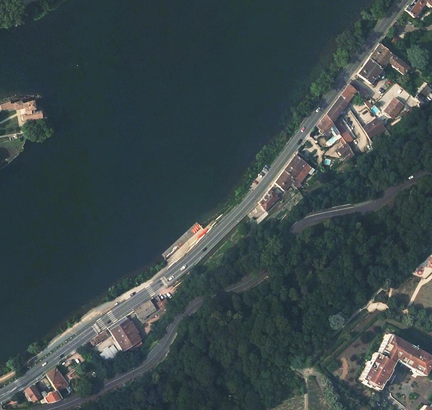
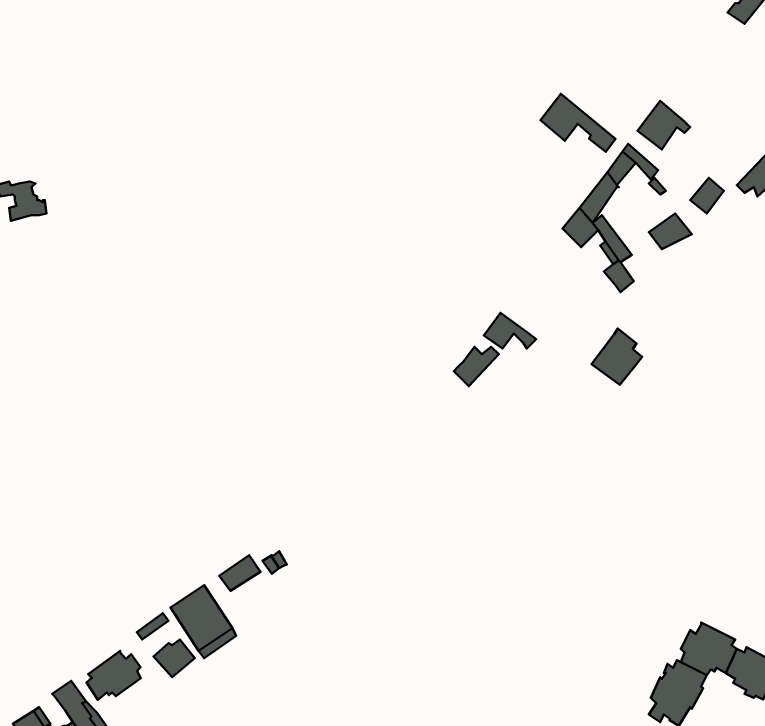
building: [370,43,410,74] -> [540,94,615,152]
building: [285,151,312,181] -> [592,329,642,385]
building: none -> [86,651,141,700]

